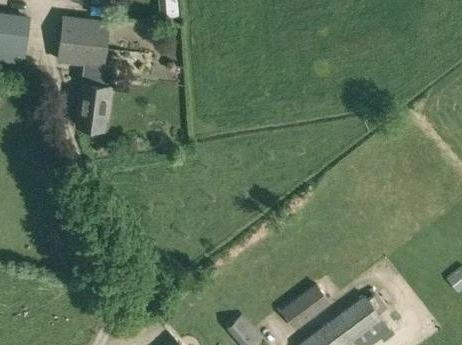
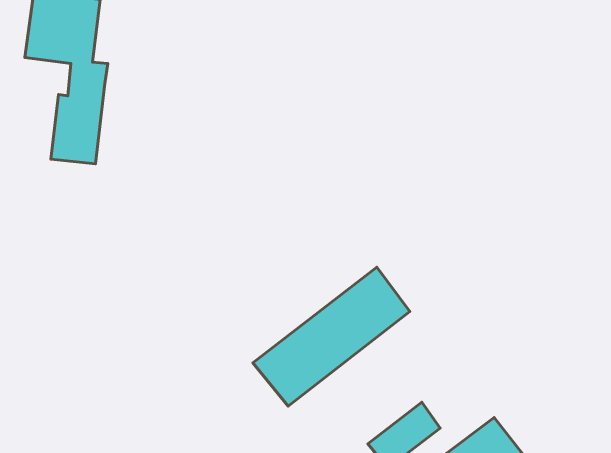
building: none -> [253,267,410,406]

